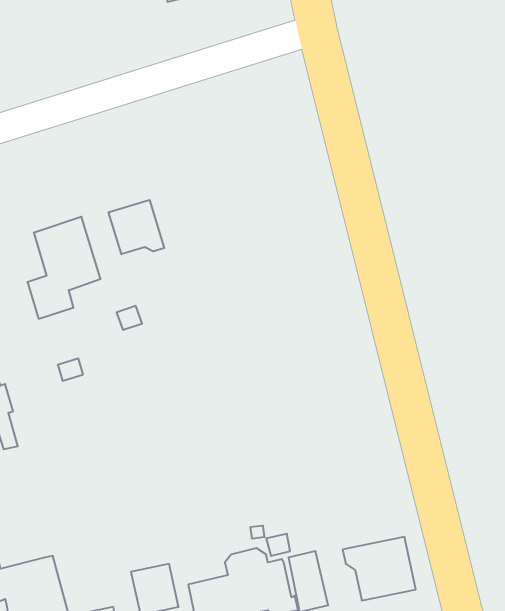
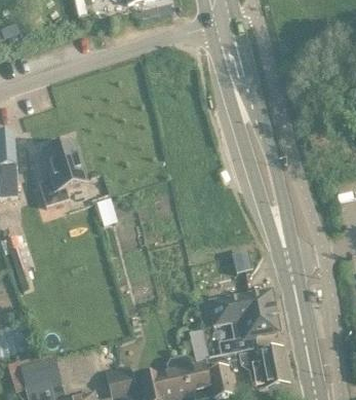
building: [109,200,164,254] -> none
building: none -> [206,288,278,356]

